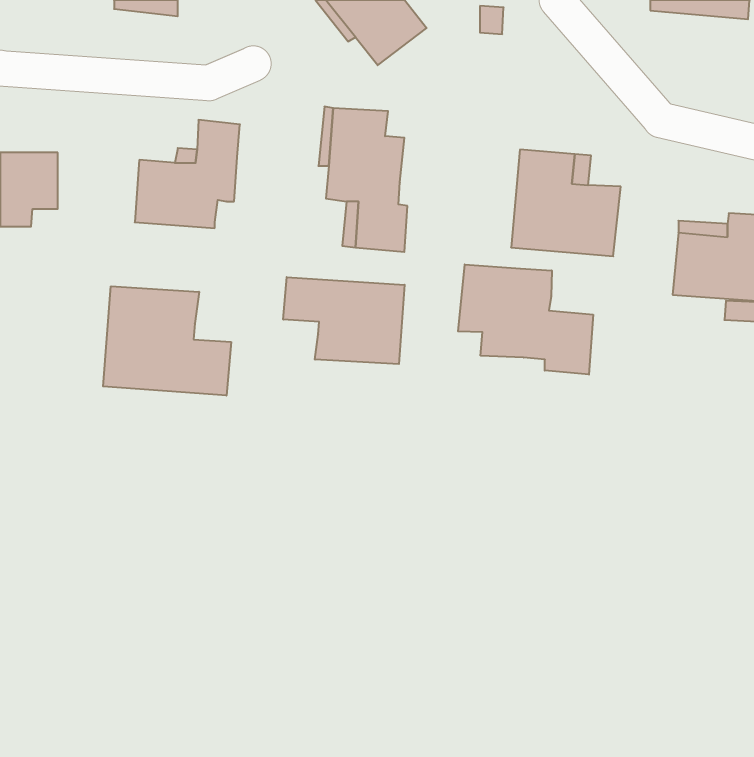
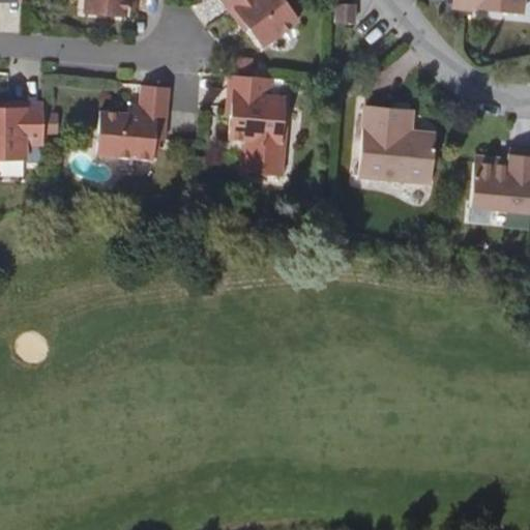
building: [458,264,593,375] -> none
building: [283,277,405,364] -> none
building: [103,286,231,396] -> none

